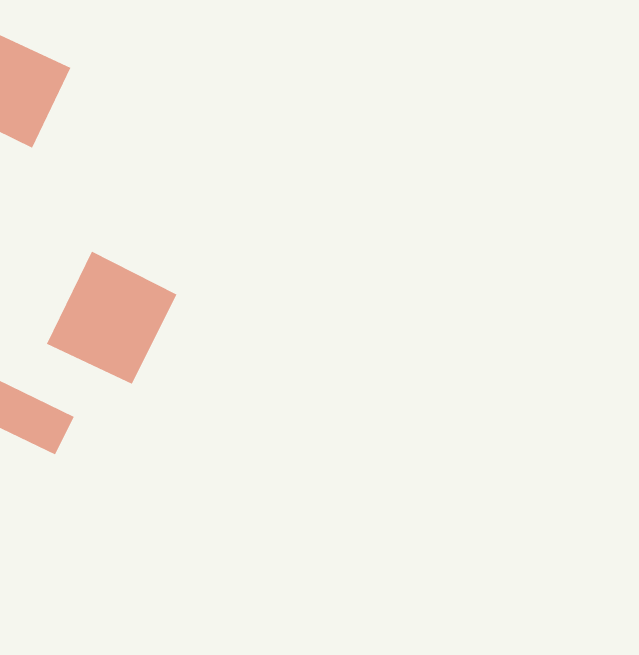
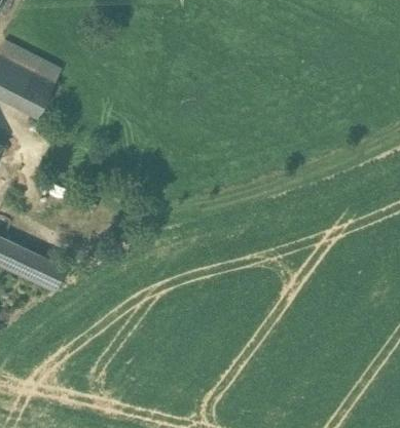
building: [46,250,177,385] -> none

